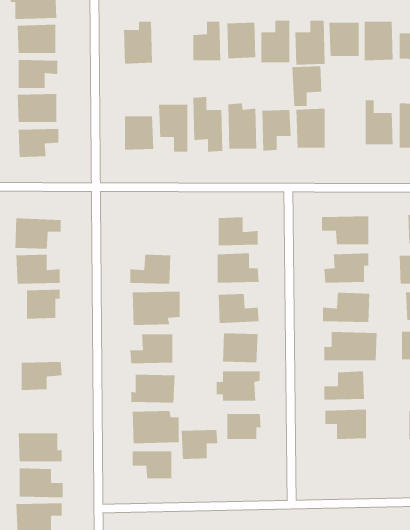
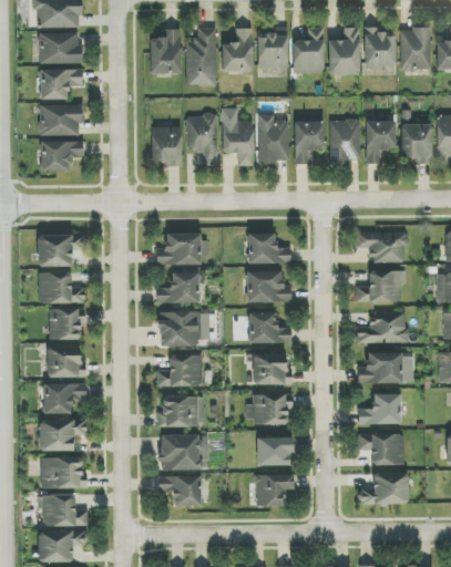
building: none -> [186,29,216,85]
building: [291,65,322,107] -> [365,121,397,164]
building: none -> [156,233,201,266]
building: none -> [47,347,82,378]
building: none -> [39,419,86,451]
building: [181,429,218,460] -> [255,474,294,506]
building: none -> [360,473,408,504]

